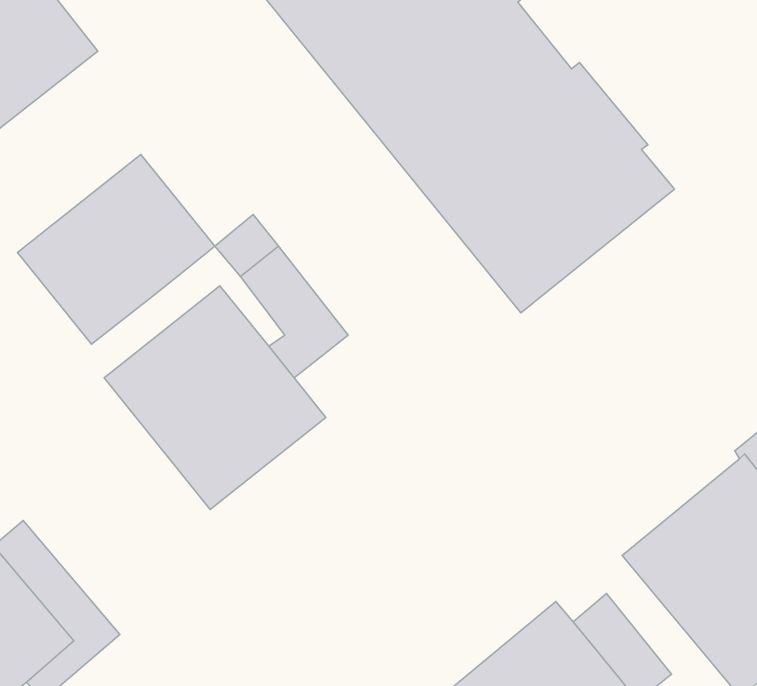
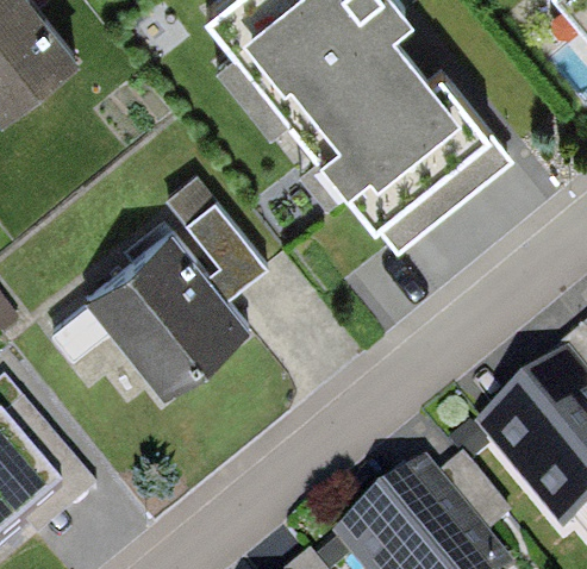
building: [18,154,215,344] -> none

